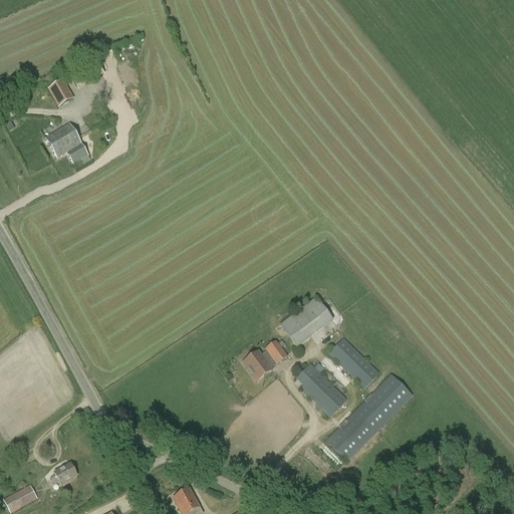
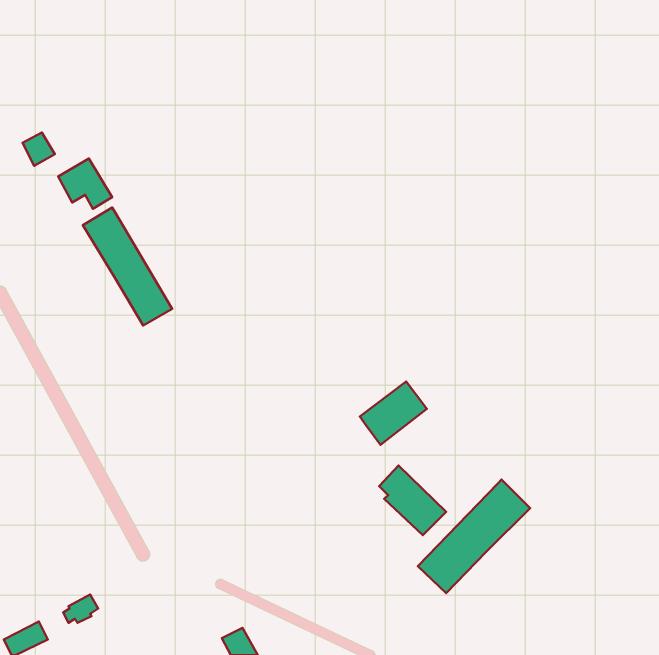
building: [48,79,73,105] -> [22,132,55,166]
building: none -> [83,207,172,326]
building: [329,337,379,388] -> none
building: [242,340,287,381] -> none

